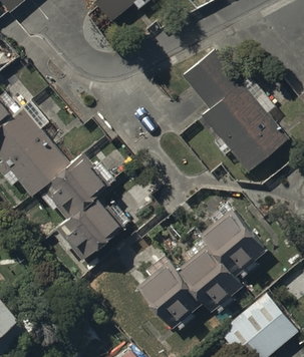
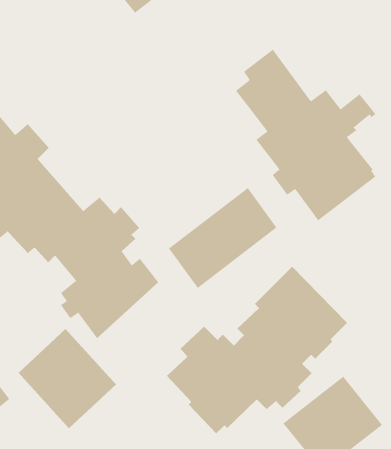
building: none -> [168,187,277,289]
building: none -> [18,328,117,429]

